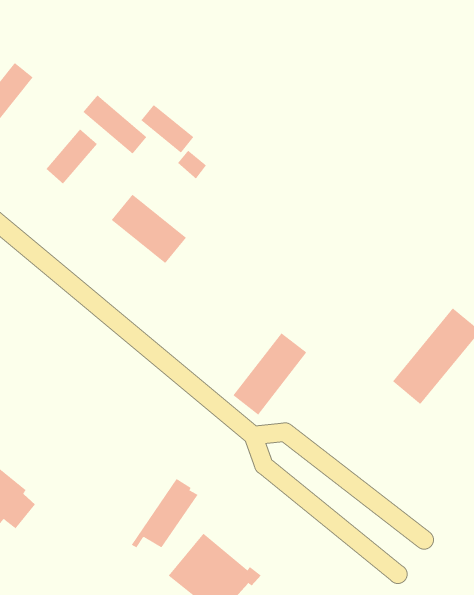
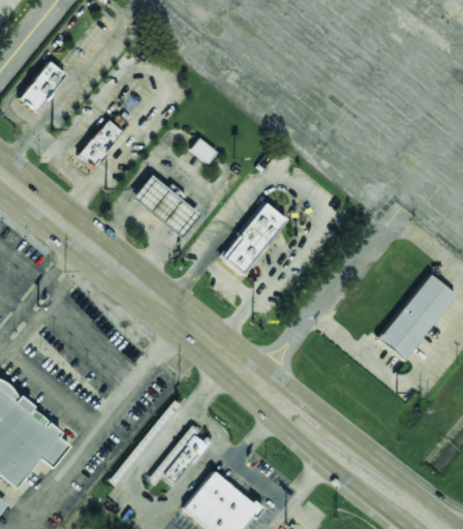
building: [83,94,147,154] -> none
building: [141,104,194,153] -> none
building: [232,332,307,415] -> [223,201,288,274]

